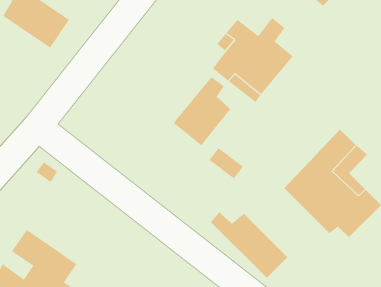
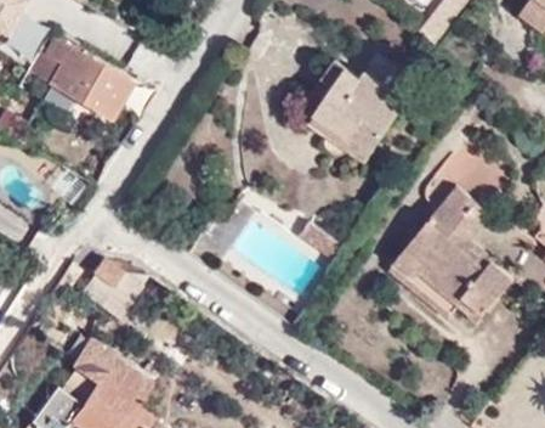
building: [173,76,231,146] -> none
building: [210,212,288,279] -> none

